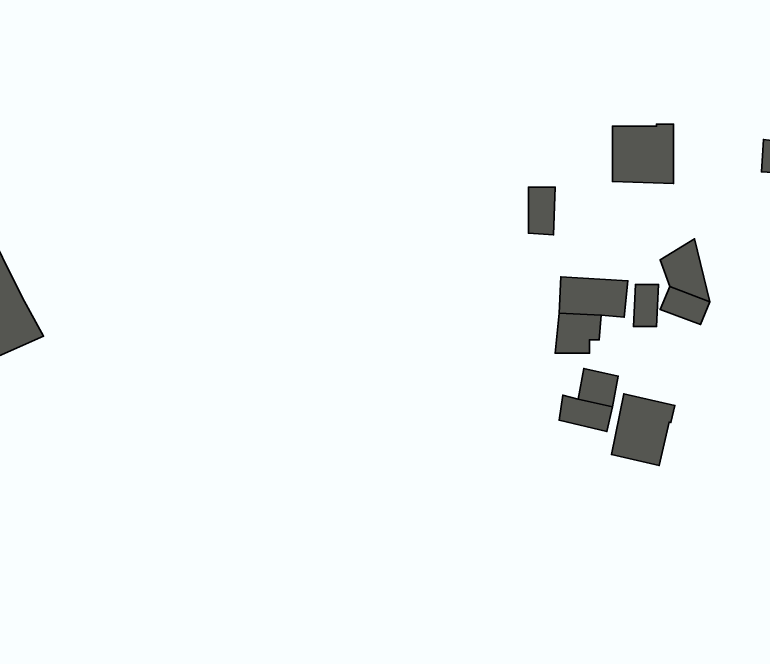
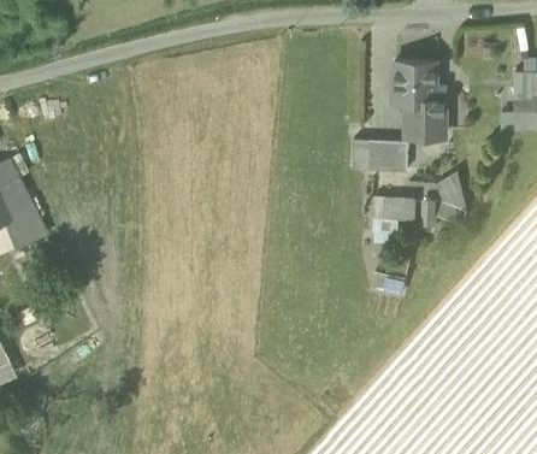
building: none -> [395,61,435,100]
building: none -> [368,138,408,169]
building: [612,394,675,465] -> none

